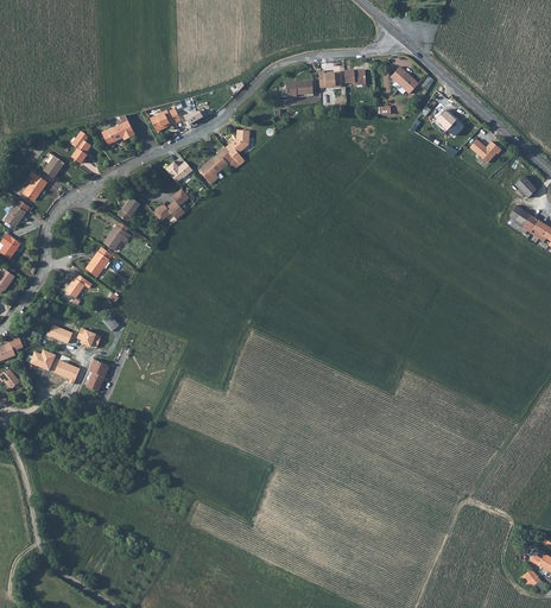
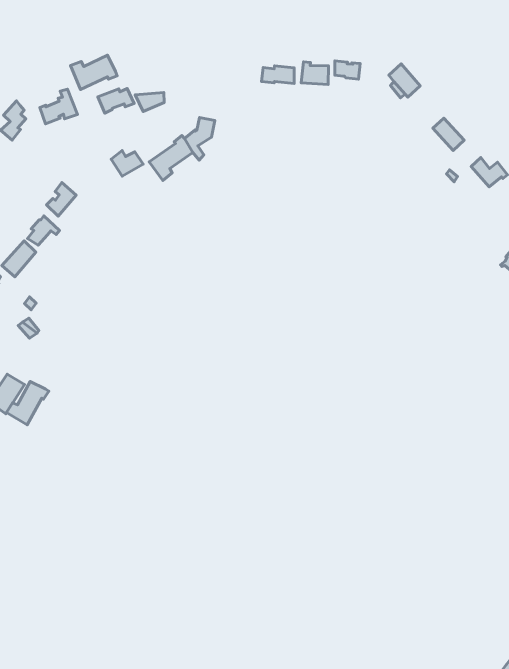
building: none -> [71,55,117,90]
building: [153,190,190,223] -> none
building: none -> [7,382,49,425]

